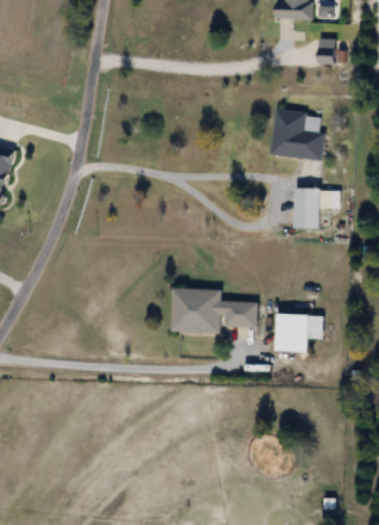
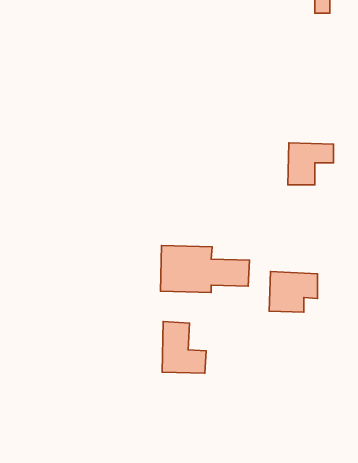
building: [271,110,324,160] -> none
building: none -> [162,322,206,373]

